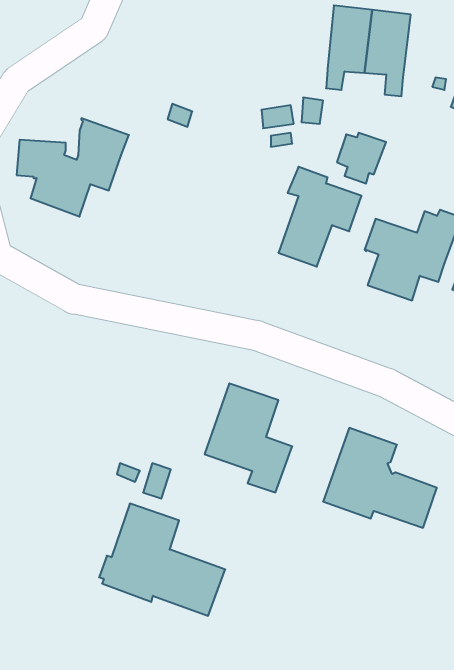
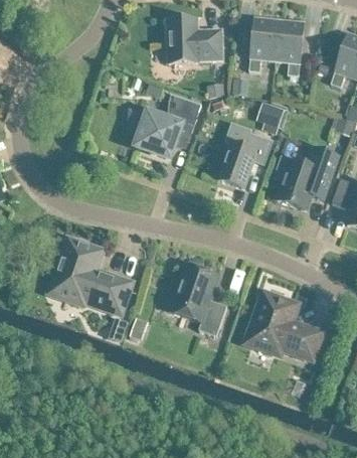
building: none -> [167,18,222,63]
building: [17,118,129,217] -> [128,94,201,158]
building: [99,504,225,616] -> [48,240,131,313]

